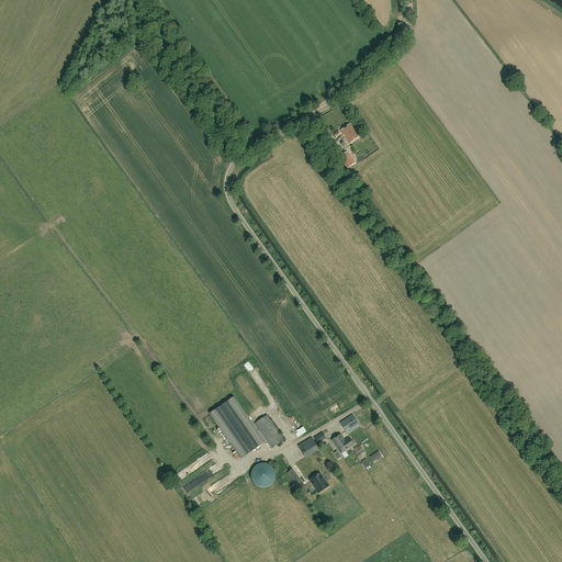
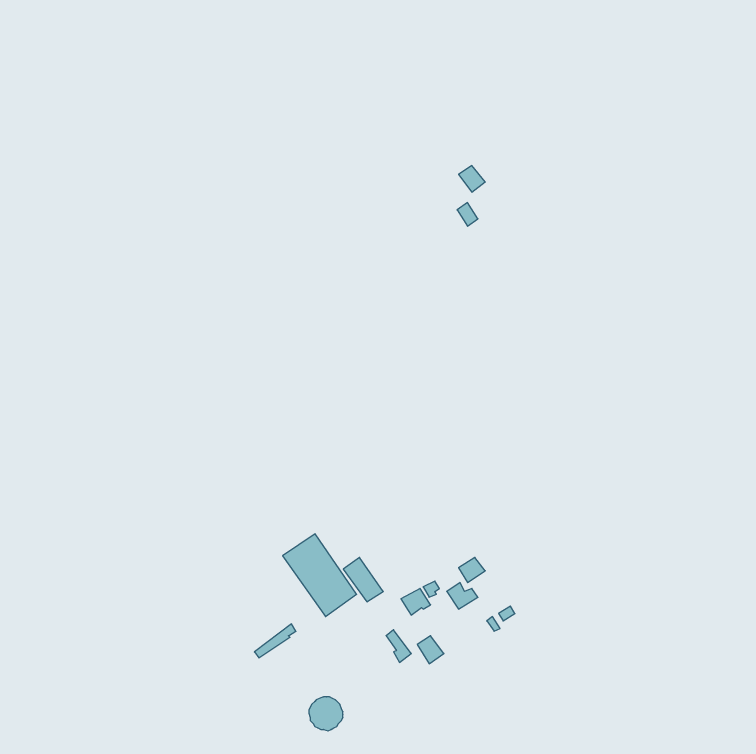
building: [250,462,276,487] -> [309,697,343,731]

